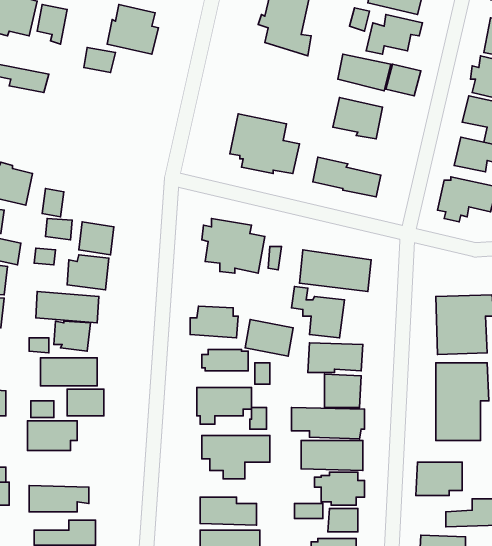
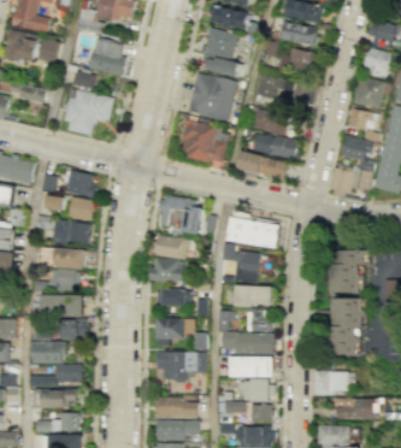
building: none -> [188,72,236,119]
building: none -> [63,87,116,135]
building: none -> [253,134,299,159]
building: none -> [65,167,96,198]
building: [245,320,293,356] -> [154,234,189,260]
building: none -> [30,364,82,387]

